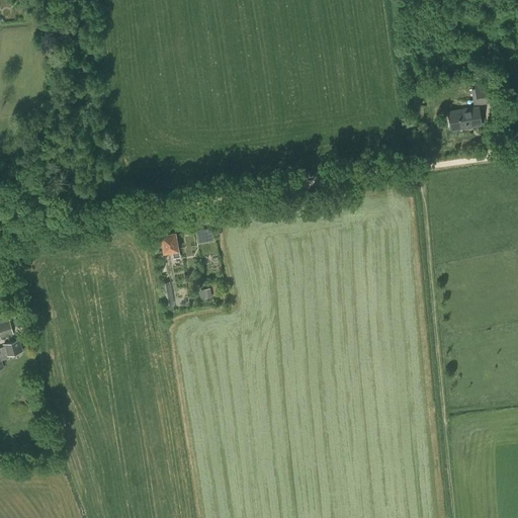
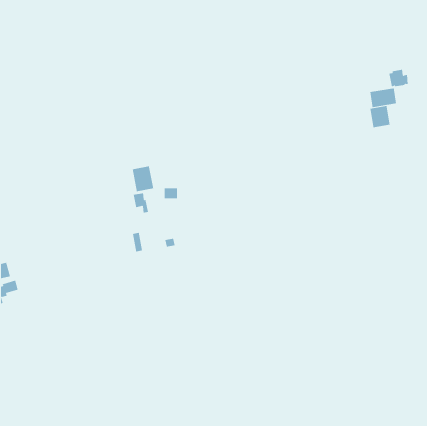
building: none -> [370,105,390,128]
building: none -> [132,165,154,192]

